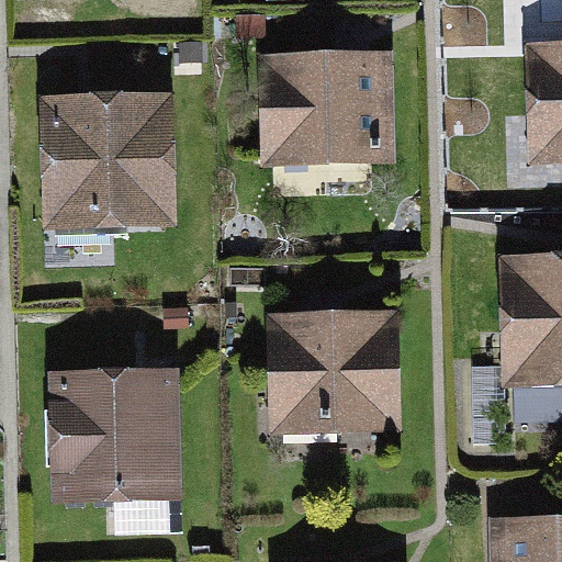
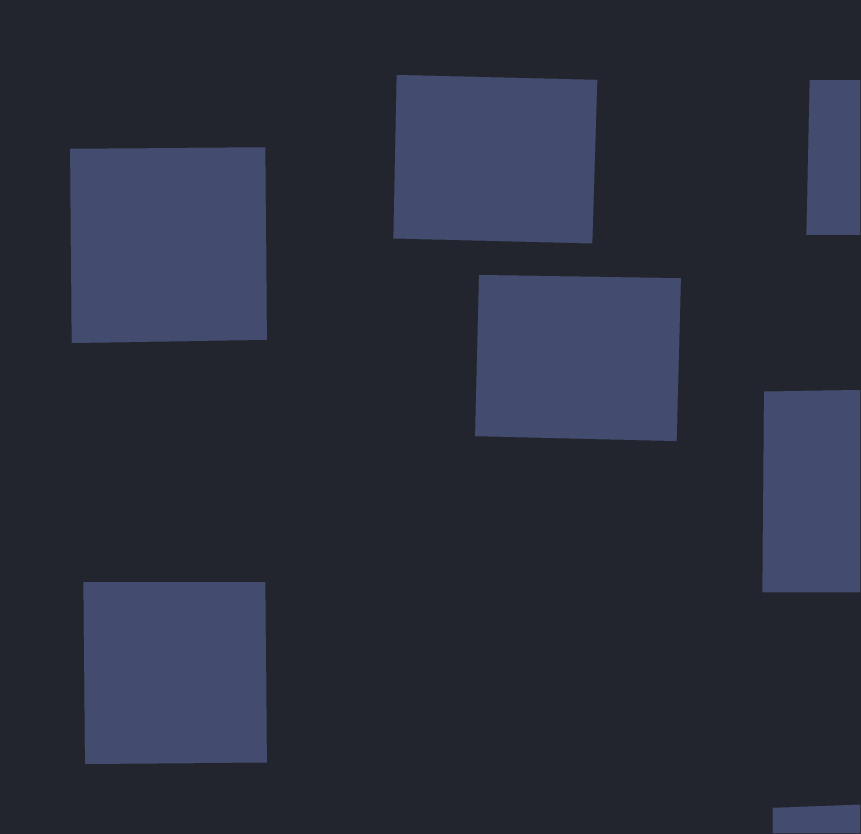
building: none -> [474,274,682,442]
building: [273,319,398,441] -> none

